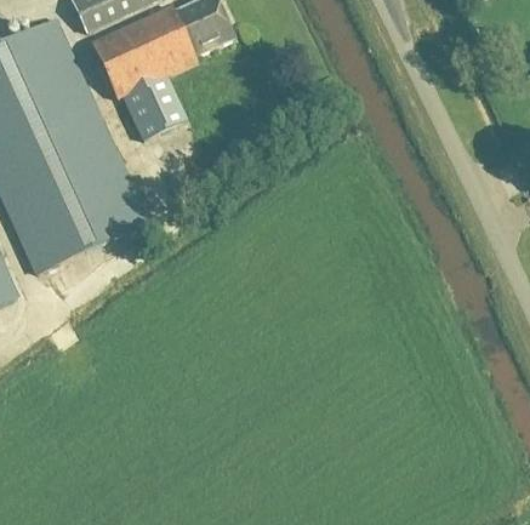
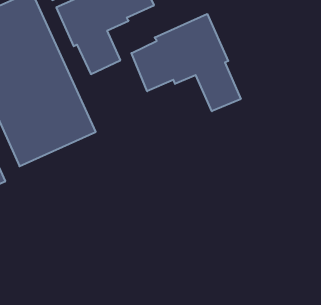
building: none -> [131,14,241,111]

